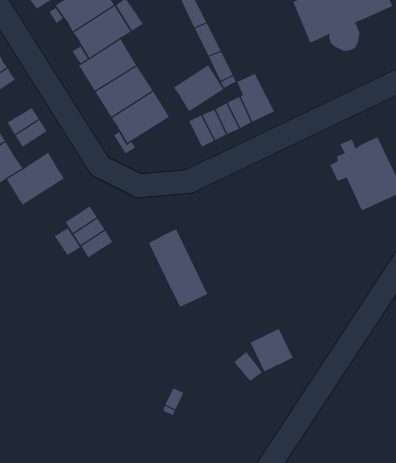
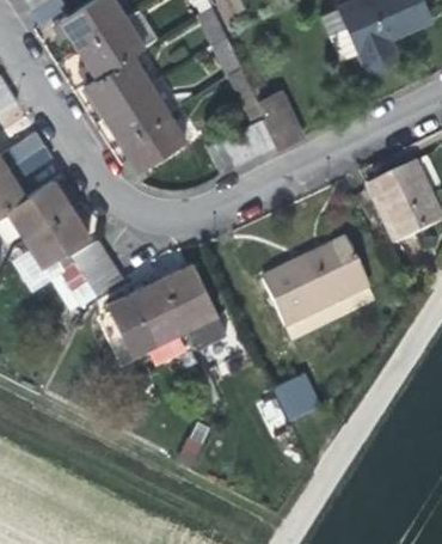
building: [173,65,224,112] -> none
building: none -> [25,208,91,267]
building: none -> [263,239,370,325]
building: none -> [108,279,186,354]

